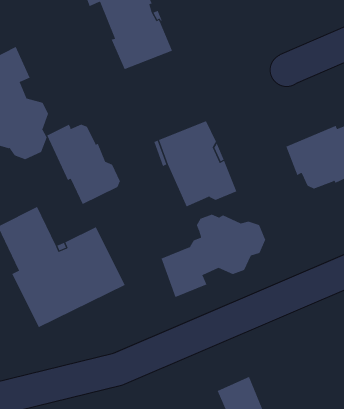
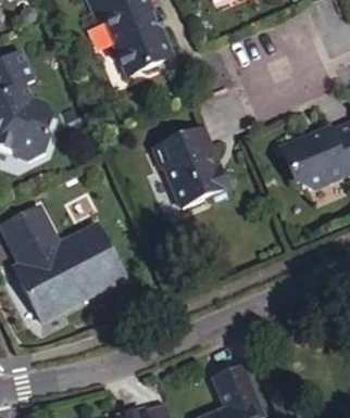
building: [47,124,121,205] -> none
building: [161,214,266,298] -> none

